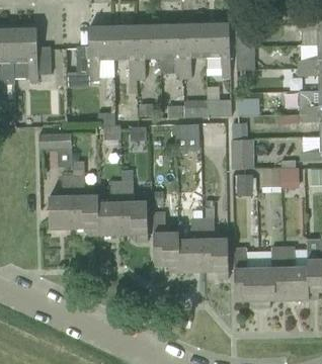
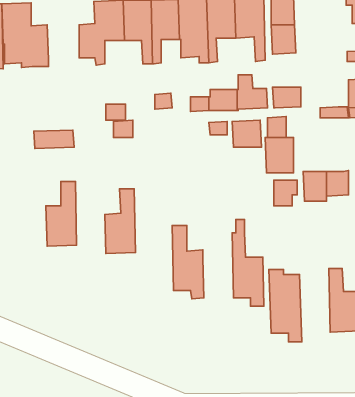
building: [73,160,98,235] -> none
building: [122,181,148,241] -> none
building: [178,217,204,271] -> none
building: [258,247,284,307] -> none

